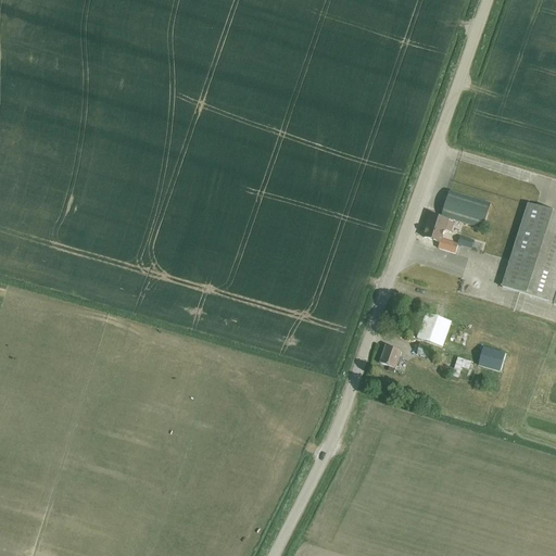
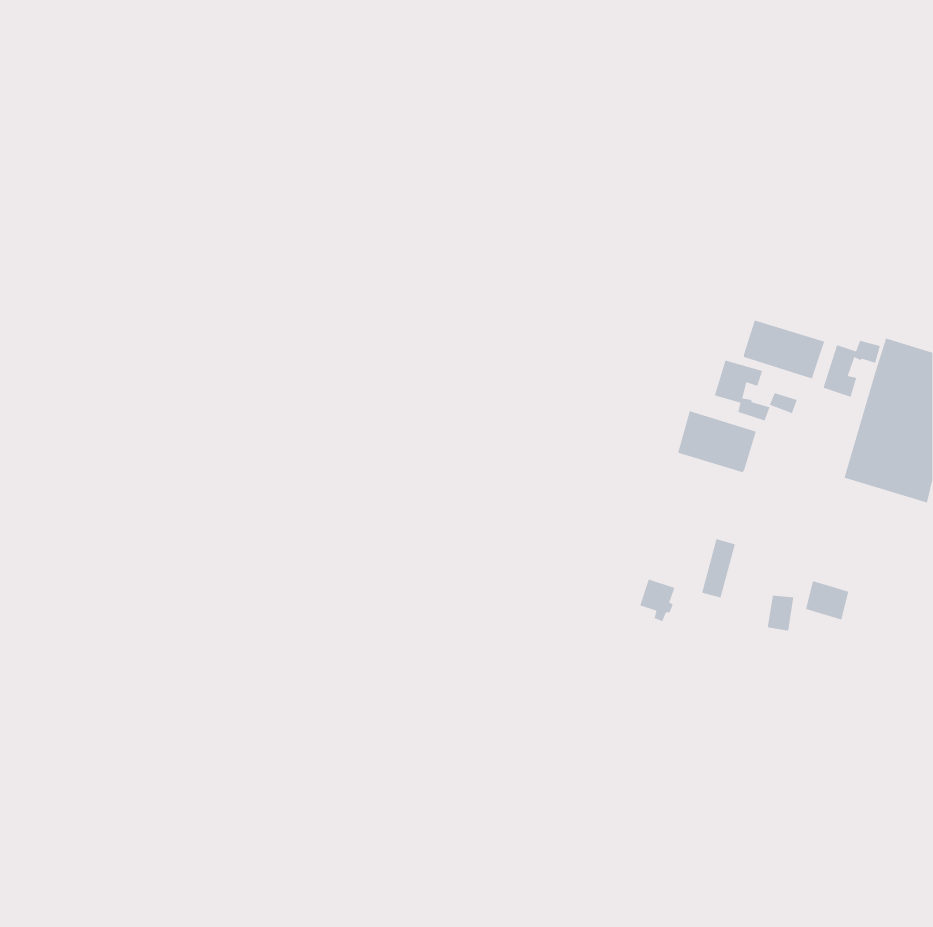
building: none -> [823,340,881,398]
building: none -> [677,410,757,473]

